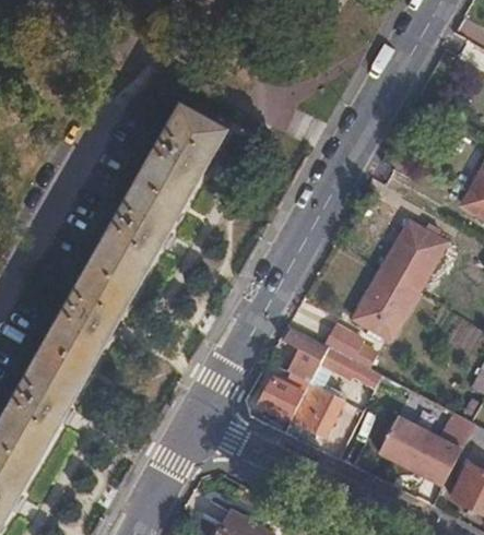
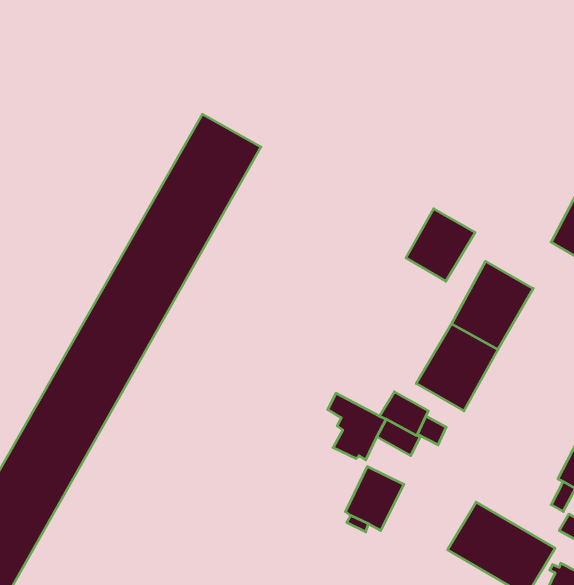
building: none -> [406,209,475,281]
building: [258,377,304,420] -> none

